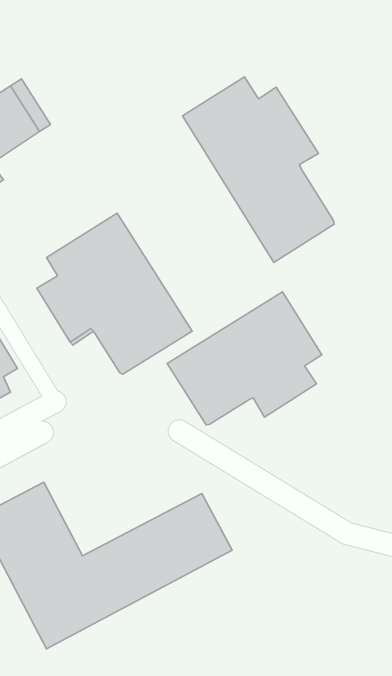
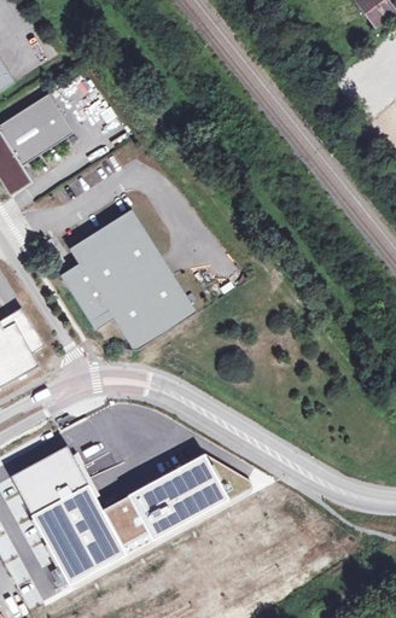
building: [183,77,334,262] -> none
building: [167,292,322,425] -> none

